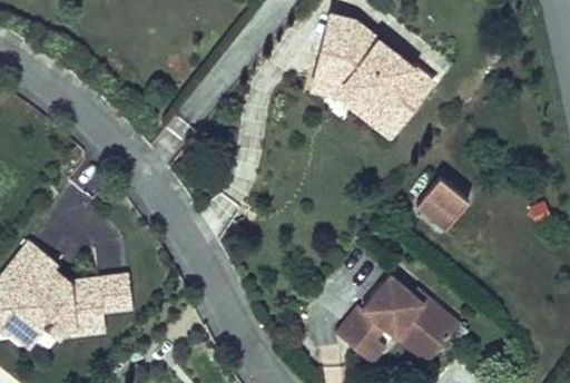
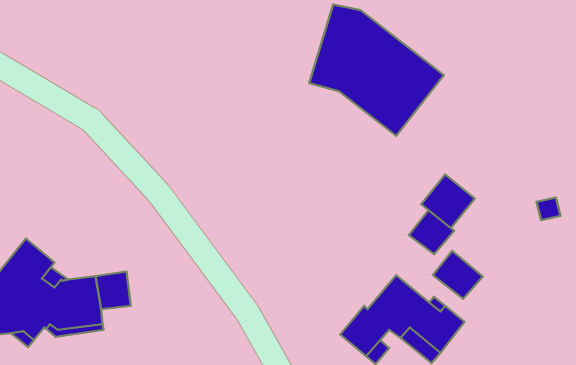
building: none -> [409,210,454,254]
building: none -> [433,251,483,299]

